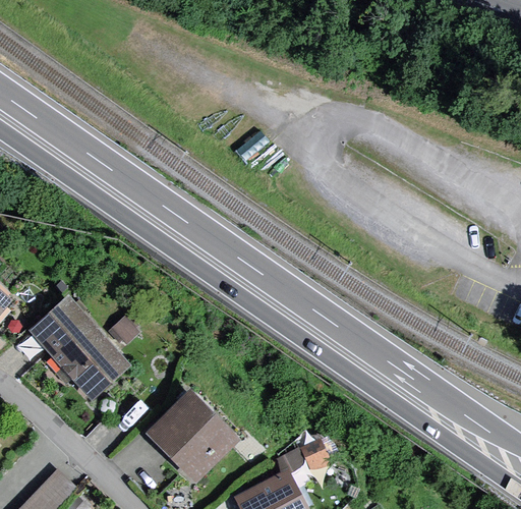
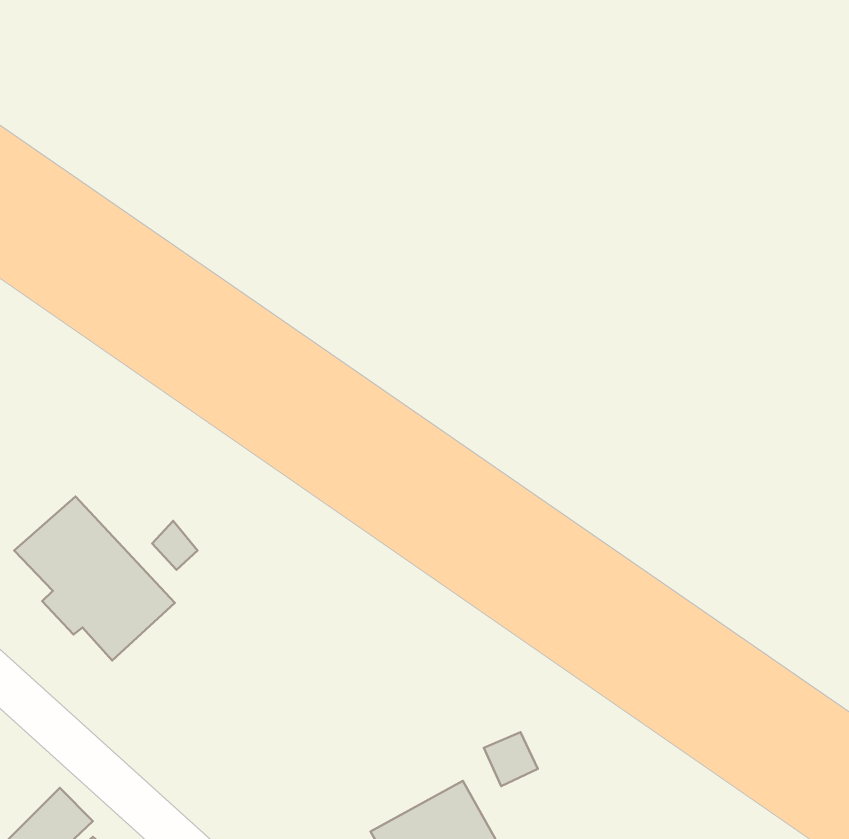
building: [147,384,242,482] -> none

